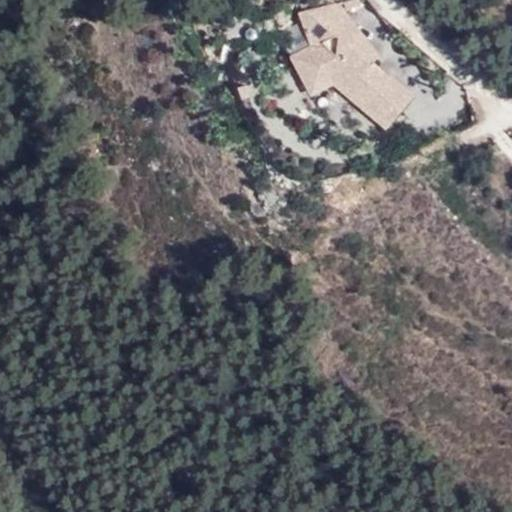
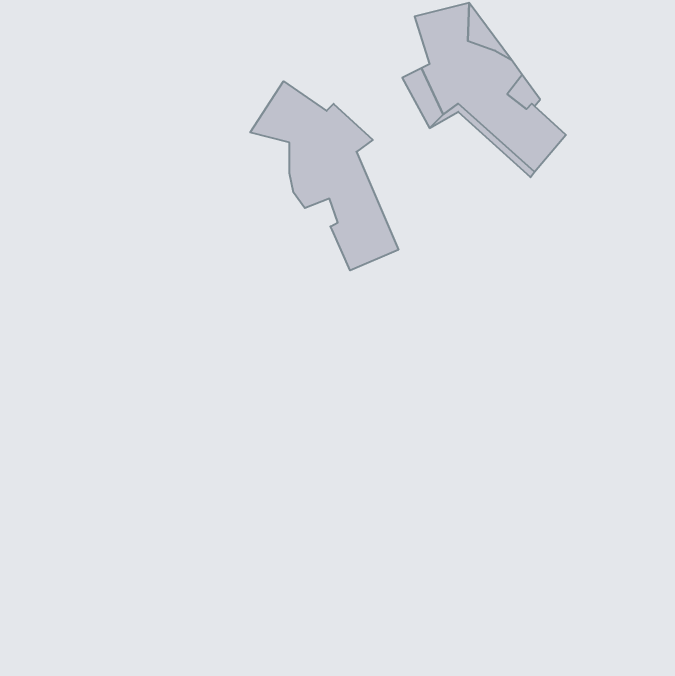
building: none -> [250,81,398,270]

